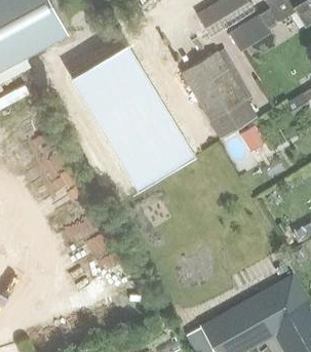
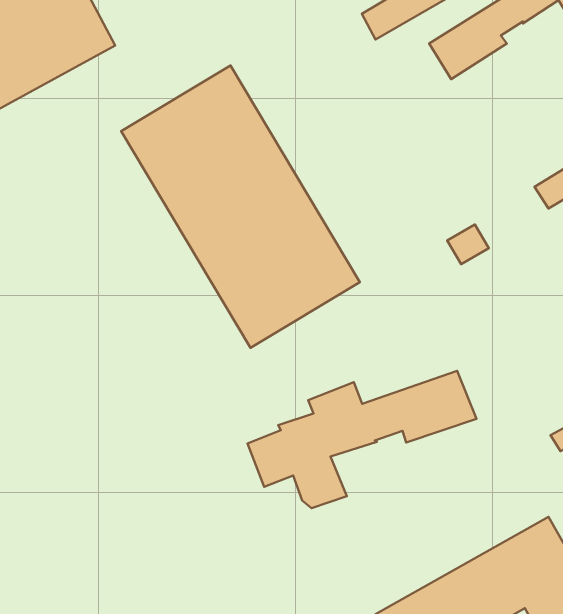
building: [182,52,255,138] -> none
building: none -> [247,371,477,508]

